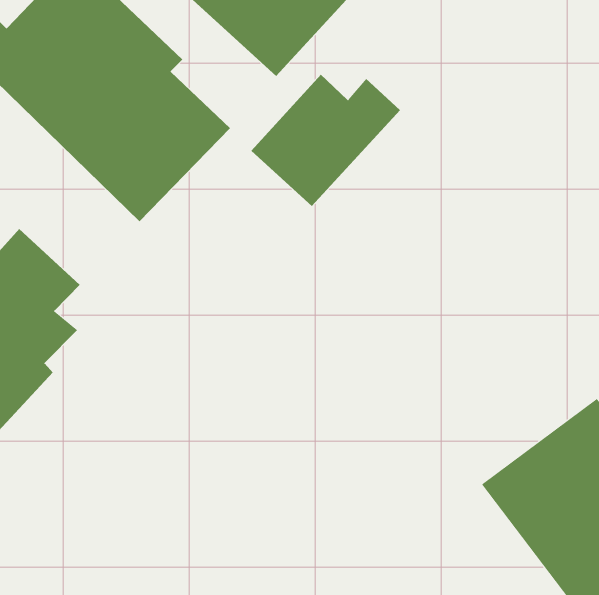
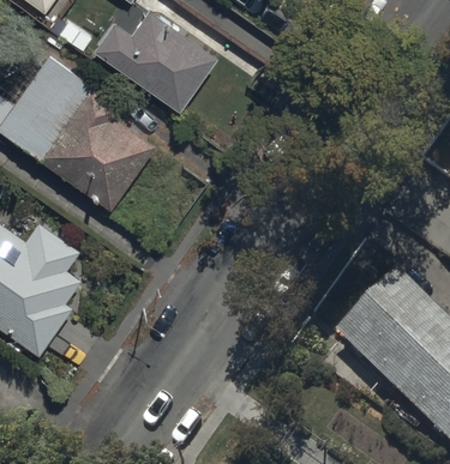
building: [251,74,401,207] -> none

